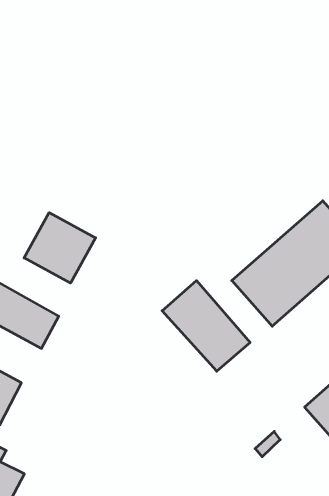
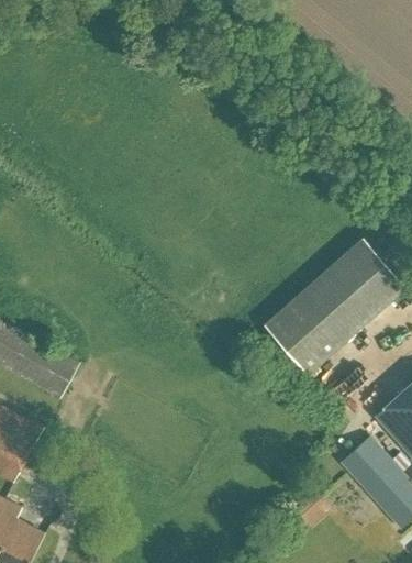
building: [24,213,96,283] -> none
building: [162,281,250,371] -> none

